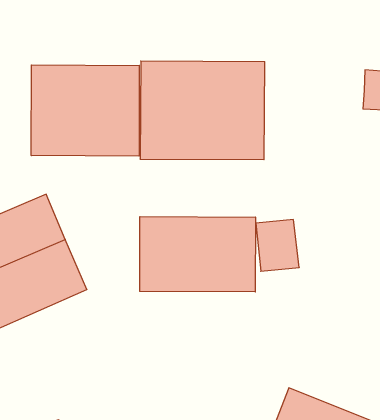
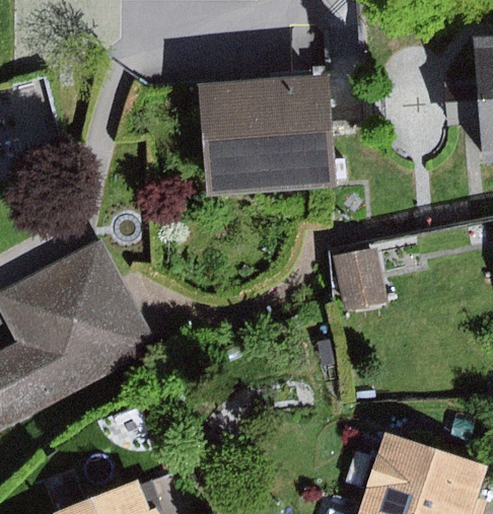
building: [31,65,139,156] -> none
building: [140,217,255,292] -> none

